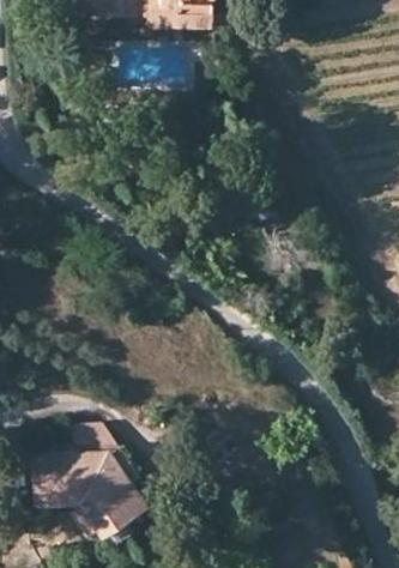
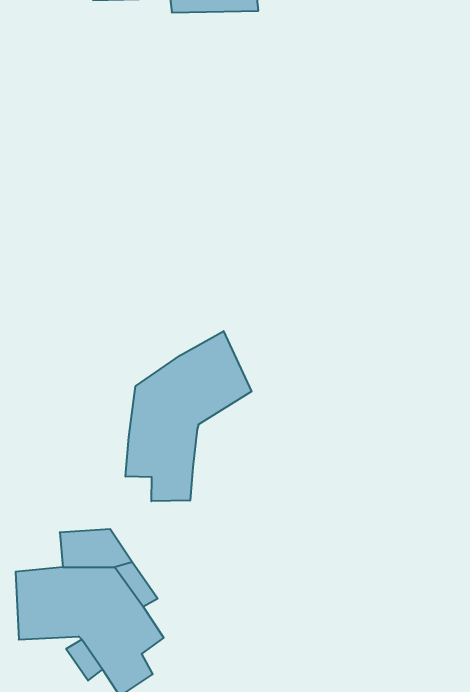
building: none -> [126,331,252,501]

